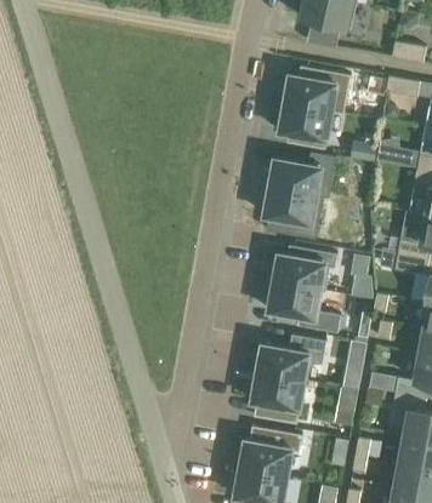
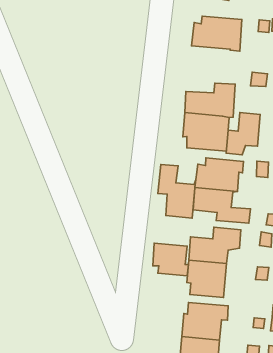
building: [277,102,330,148] -> none
building: none -> [226,112,260,155]
building: none -> [158,164,196,218]
building: none -> [153,243,188,276]

